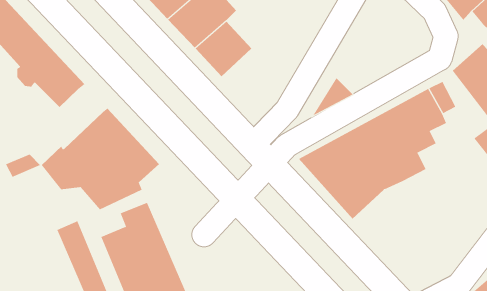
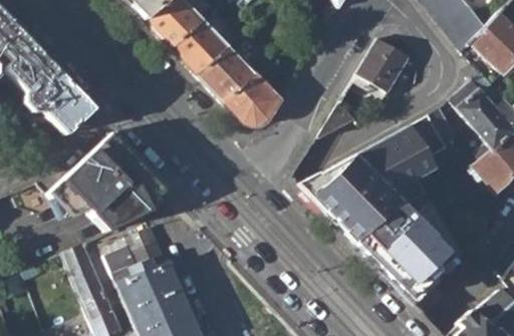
building: none -> [355,38,410,93]
building: none -> [225,76,280,125]
building: none -> [353,207,456,304]

